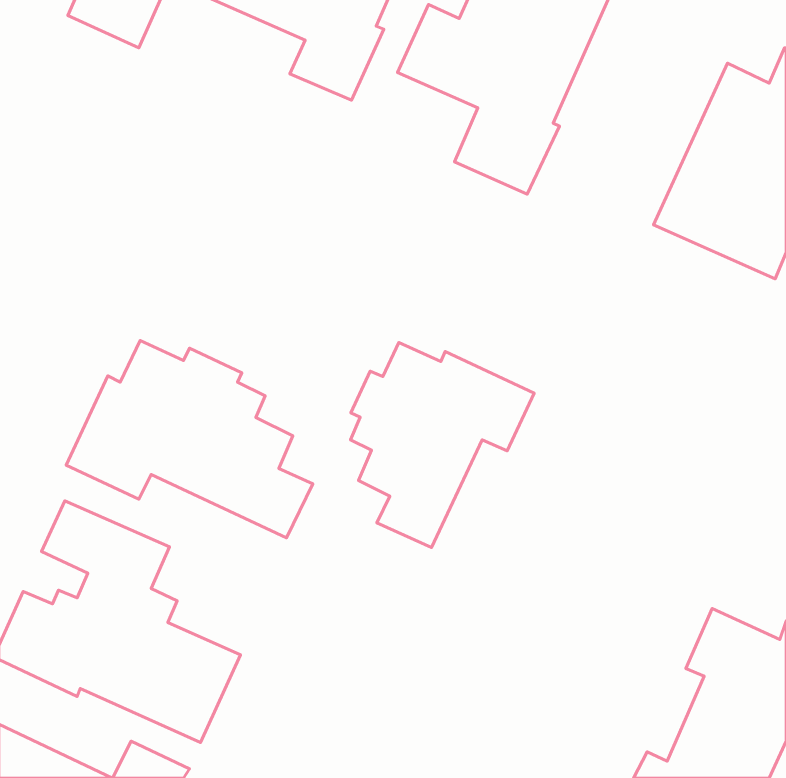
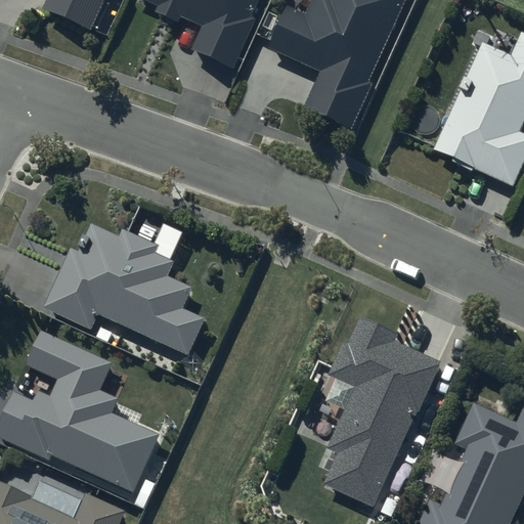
building: [350,342,534,548] -> none
building: none -> [324,316,440,505]

